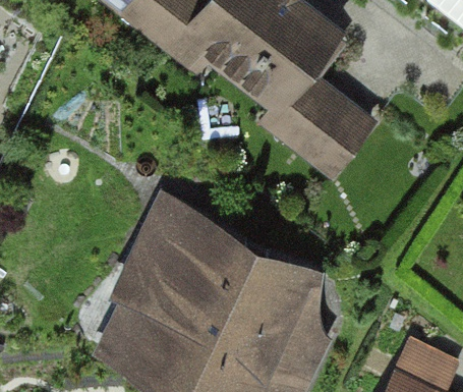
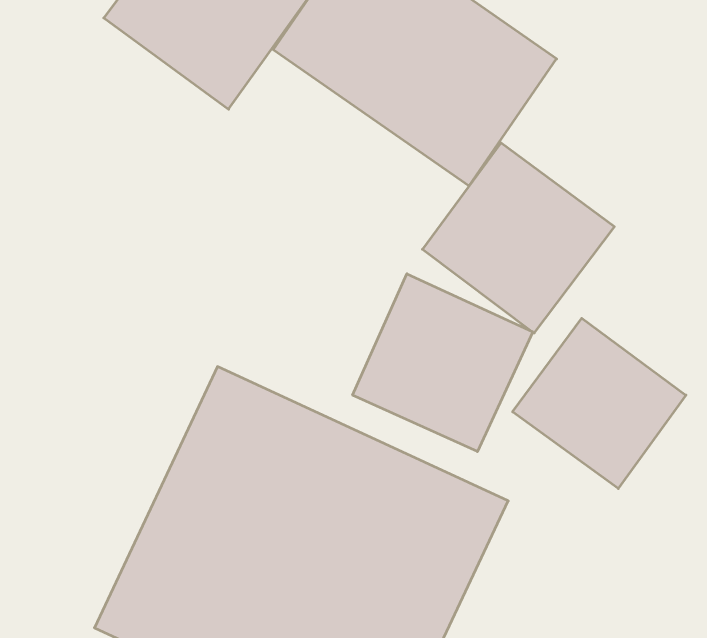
building: none -> [353,274,533,452]
building: none -> [513,318,686,489]

